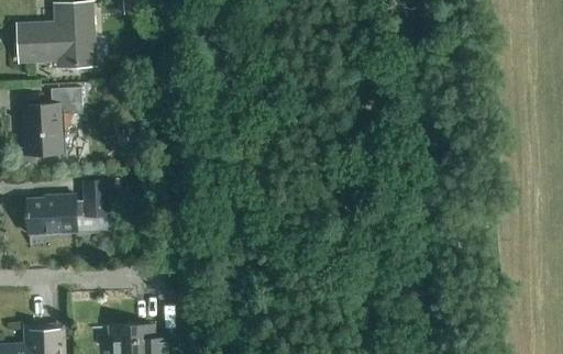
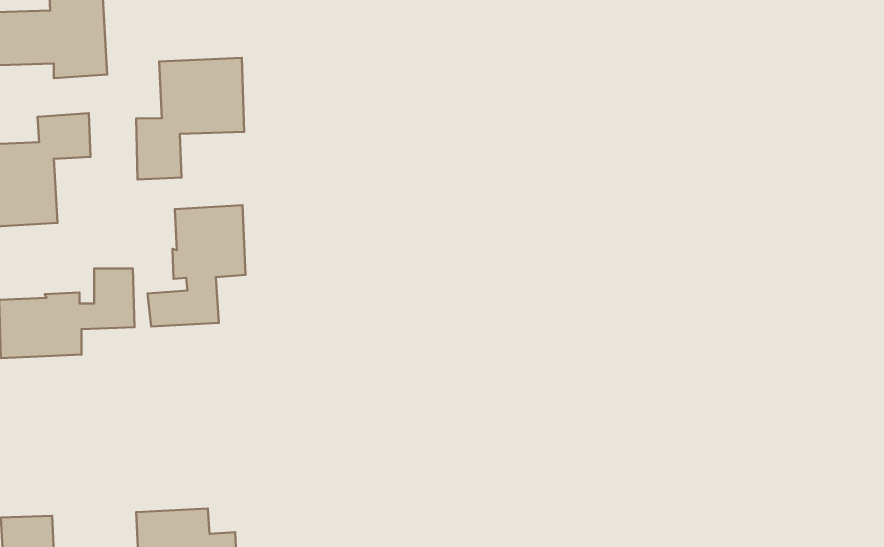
building: none -> [136,58,244,180]
building: none -> [148,205,246,327]

